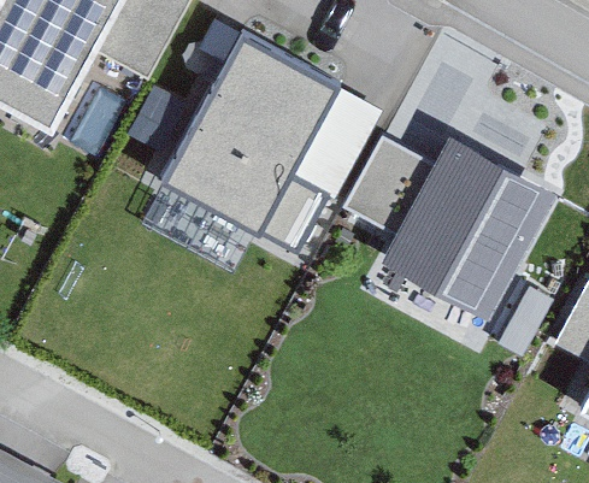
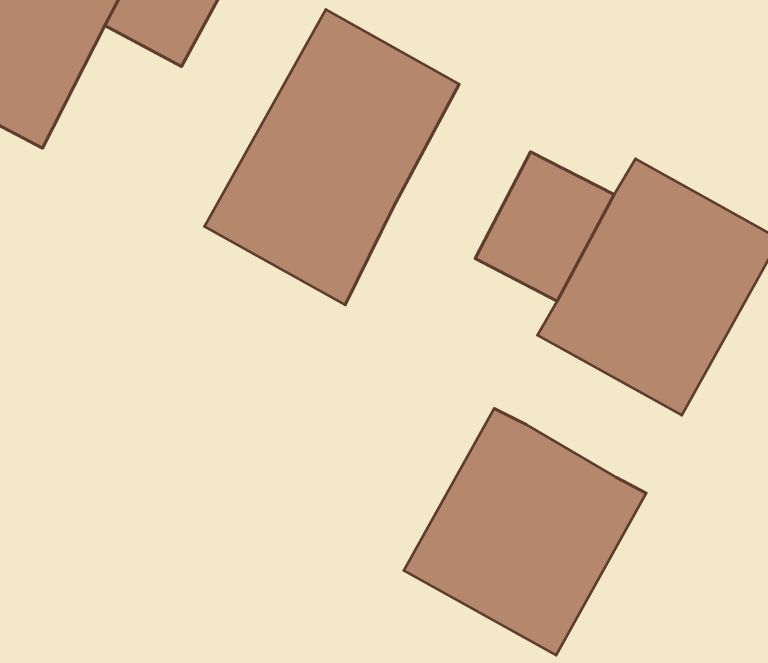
building: [288,87,376,194] -> none
building: none -> [404,409,646,655]

